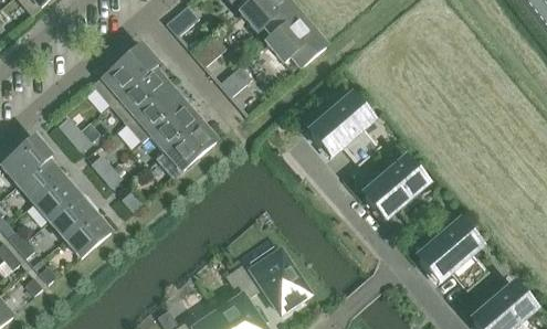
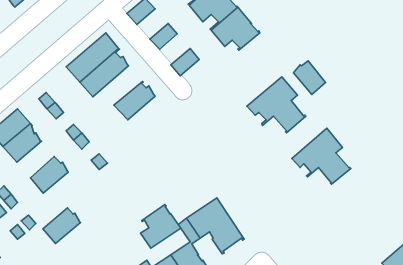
building: none -> [294,61,326,94]
building: [124,84,183,140] -> none
building: [155,120,215,177] -> none
building: [32,174,77,219] -> none
building: [64,212,109,255] -> [43,208,80,243]
building: [418,222,488,289] -> none
building: none -> [140,205,181,248]

